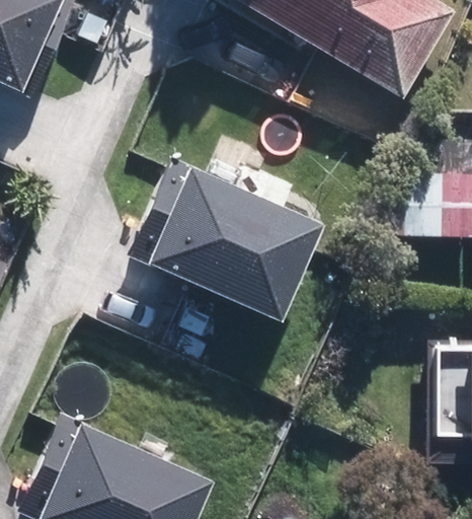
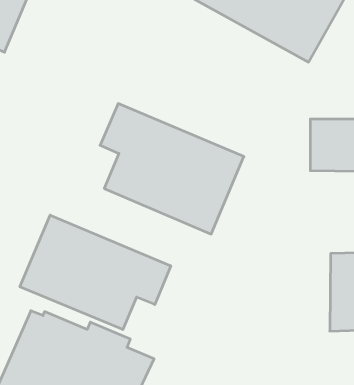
building: none -> [20,215,171,330]

